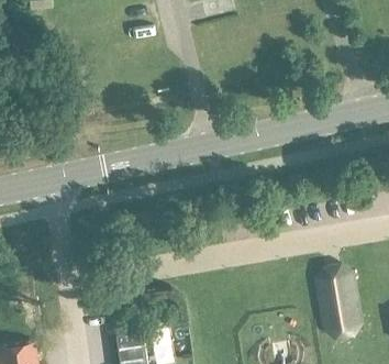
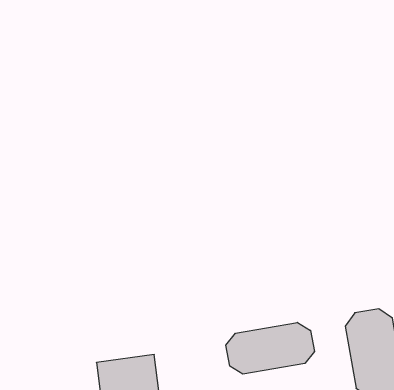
building: none -> [226,322,314,374]

